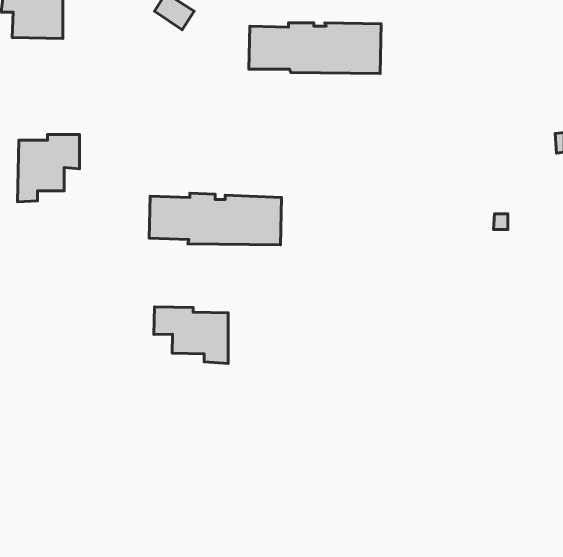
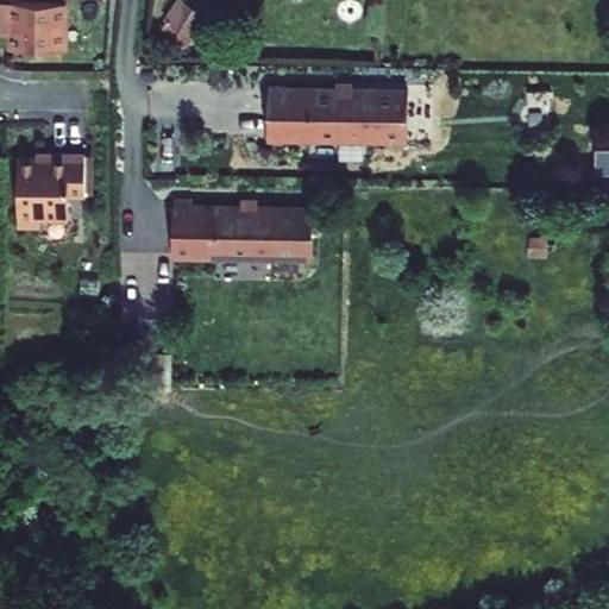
building: [249,23,381,74] -> [258,90,401,145]
building: [154,307,228,363] -> none

